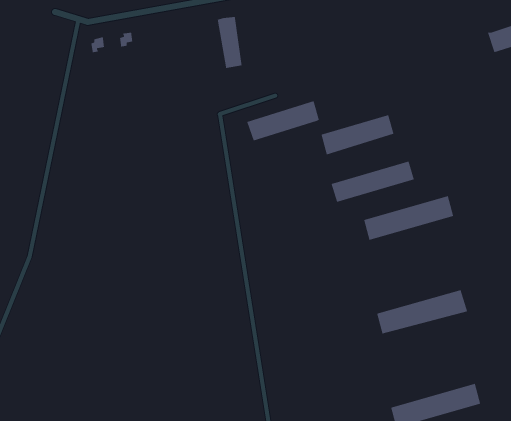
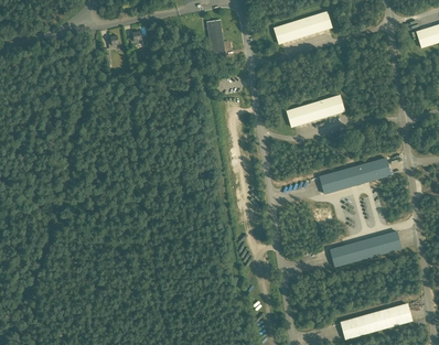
building: [246,100,320,142] -> [274,11,331,43]
building: [331,161,415,203] -> none

